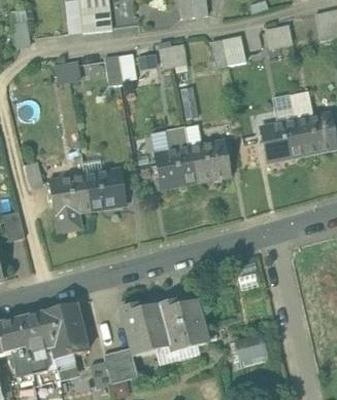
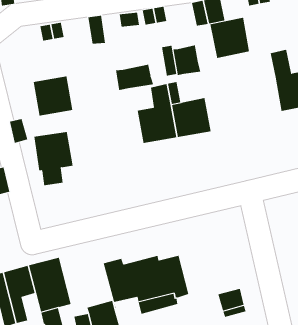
building: none -> [173,45,201,76]
building: none -> [115,64,154,91]
building: [261,119,302,161] -> [210,17,250,58]
building: [83,169,125,210] -> [33,76,73,116]

